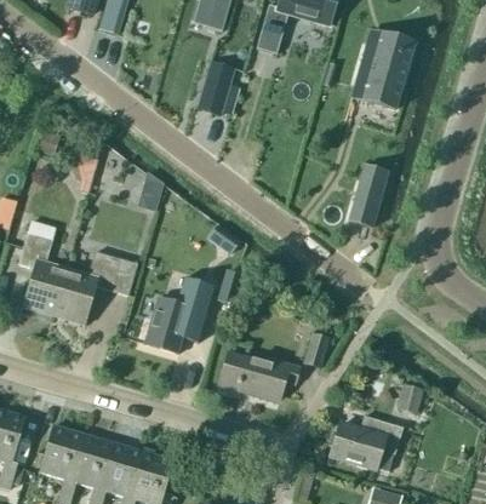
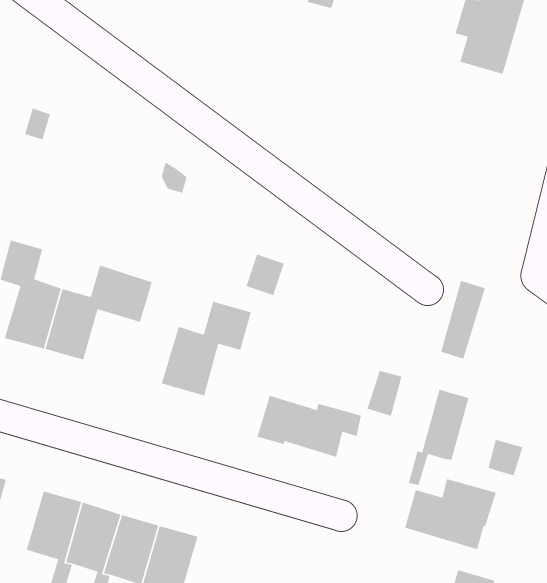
building: [196,61,234,115] -> none
building: [351,171,387,233] -> [440,280,486,360]
building: none -> [408,389,470,486]

